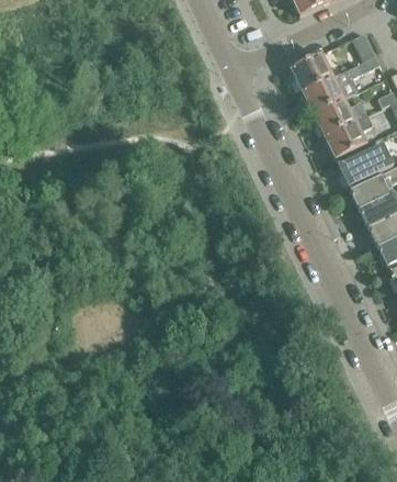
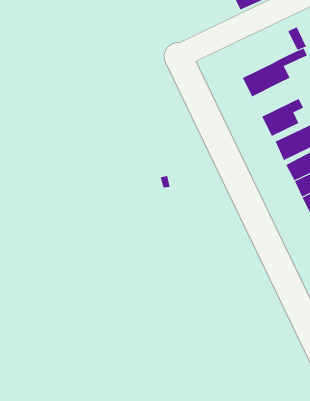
building: [290,53,333,91] -> none
building: [313,98,366,135] -> none

